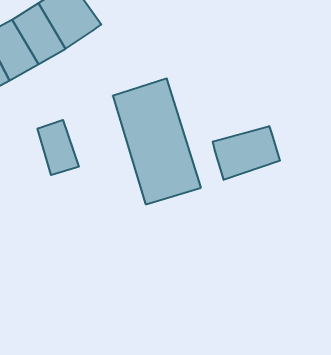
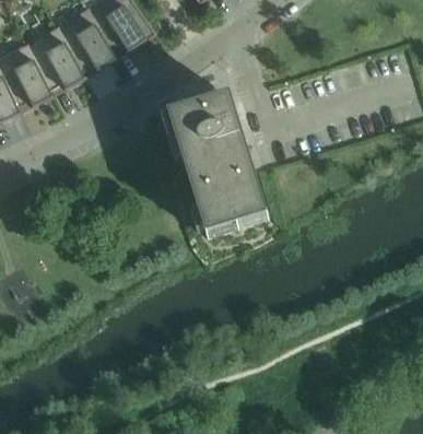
building: [38,120,79,175] -> none
building: [213,126,280,180] -> none

